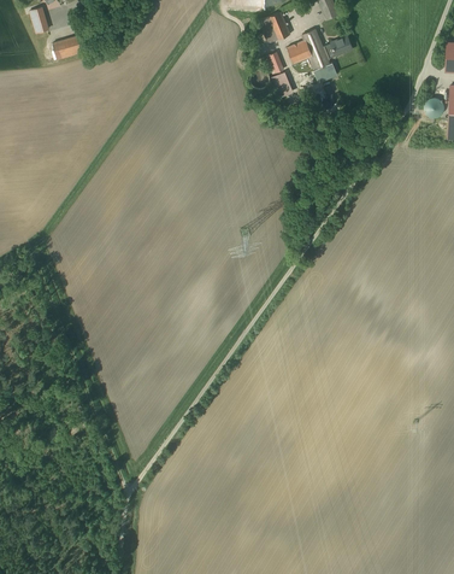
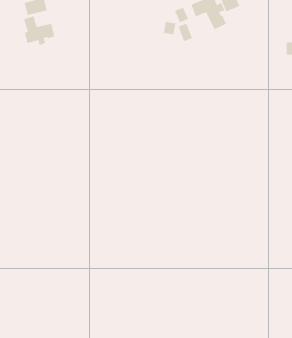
building: none -> [24,16,55,46]

